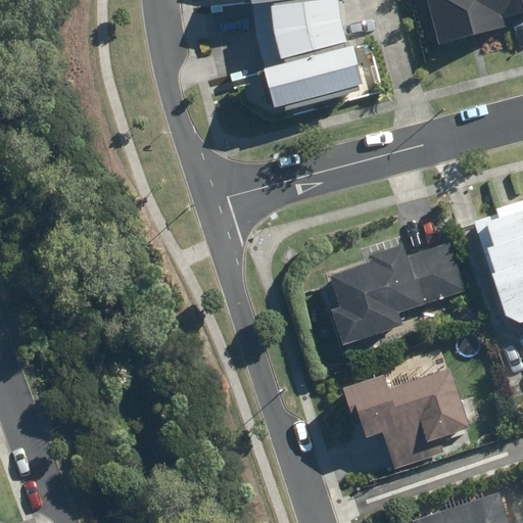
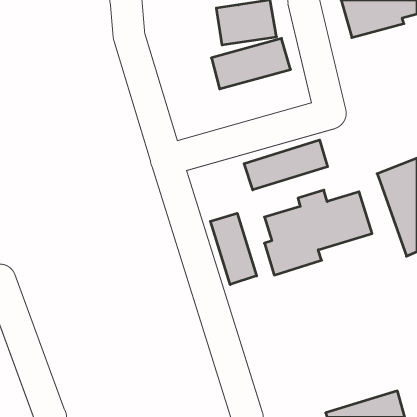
building: none -> [244,140,328,190]
building: none -> [210,213,257,285]
building: [337,365,472,471] -> none

